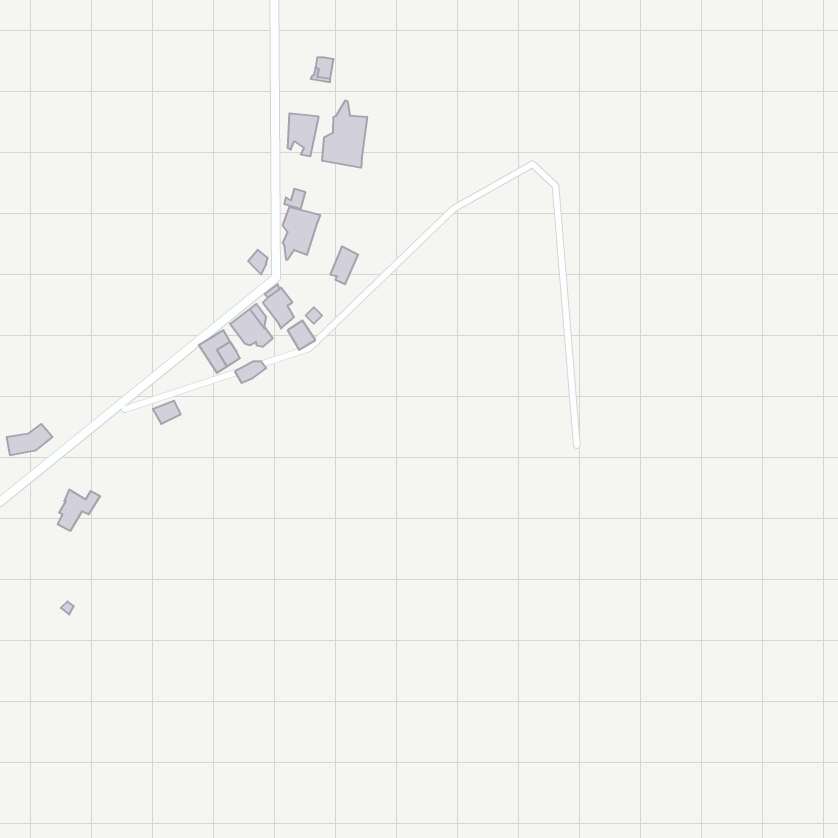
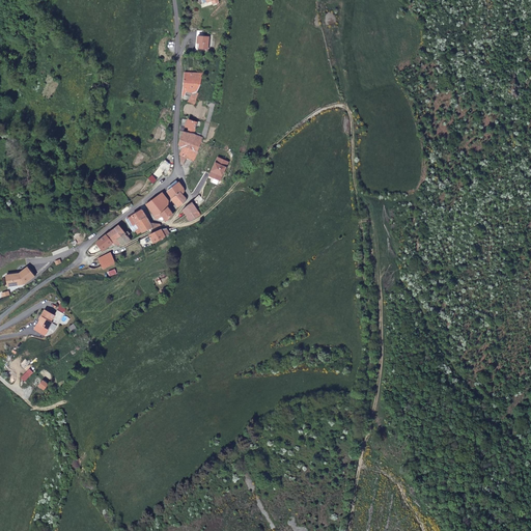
building: [322,100,367,168] -> none
building: none -> [94,224,131,249]

